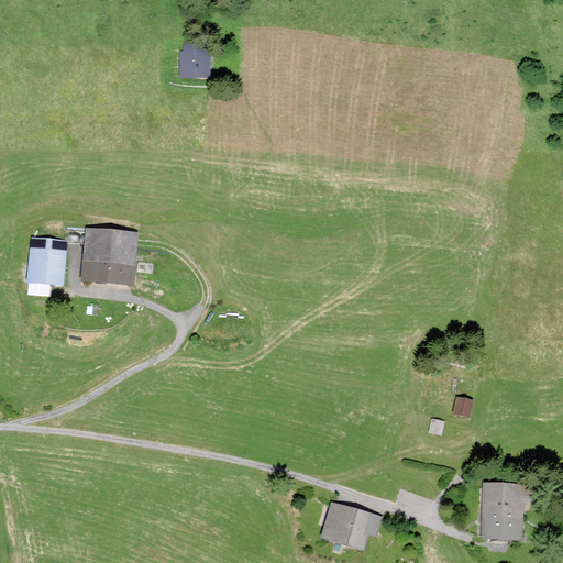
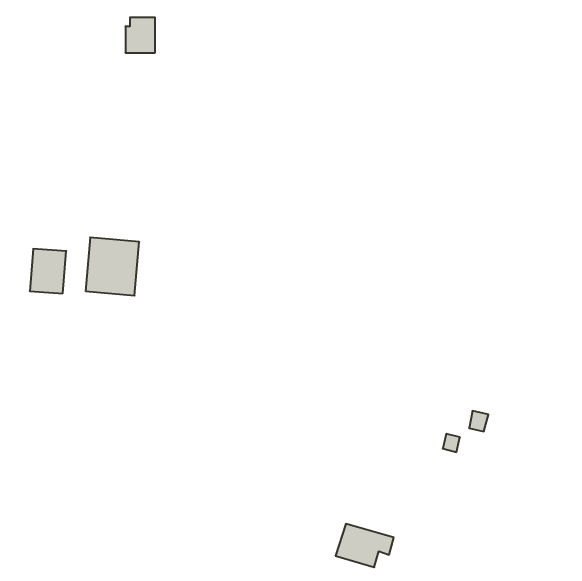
building: [179,42,208,76] -> [125,17,155,53]
building: [483,484,531,538] -> none

